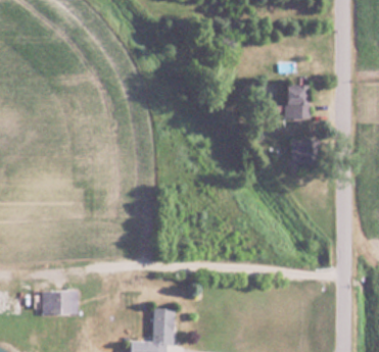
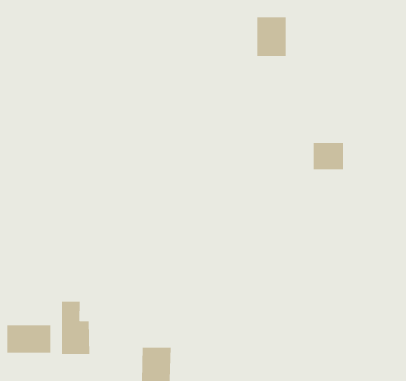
building: [285,87,310,119] -> [257,17,286,56]
building: none -> [62,301,90,355]

